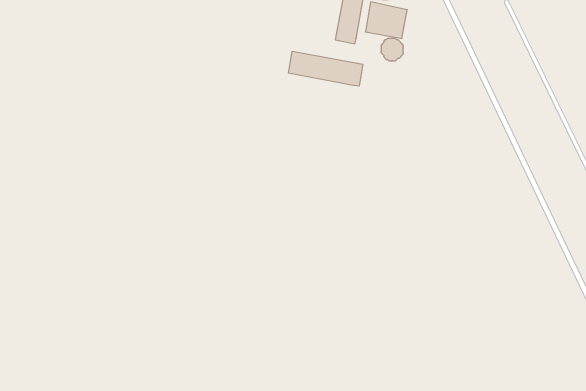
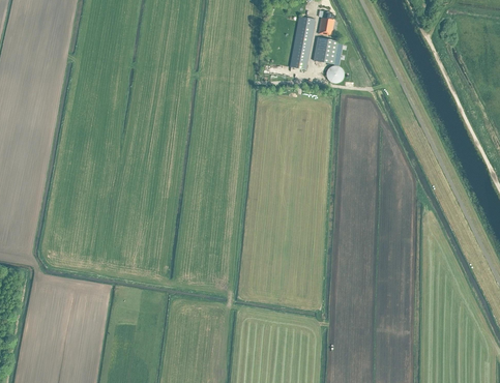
building: [288,51,363,86] -> none

